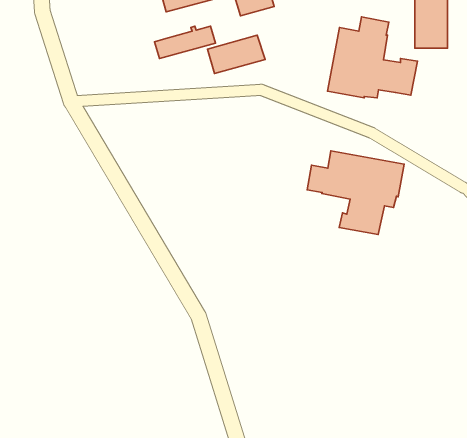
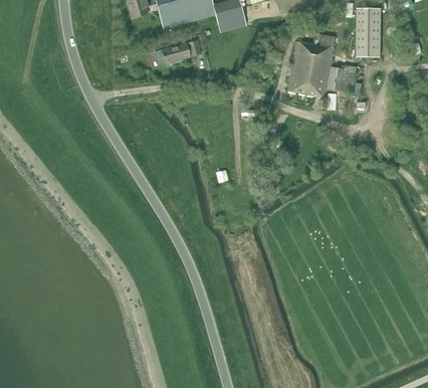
building: [208,35,265,74] -> none
building: [307,151,404,235] -> none

